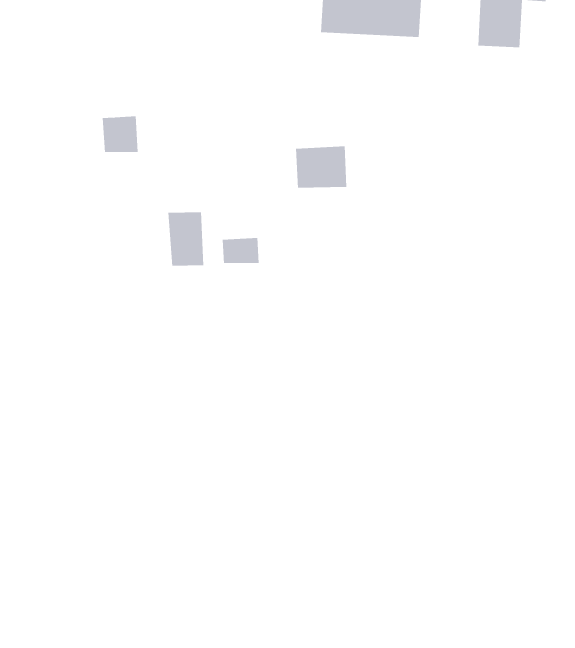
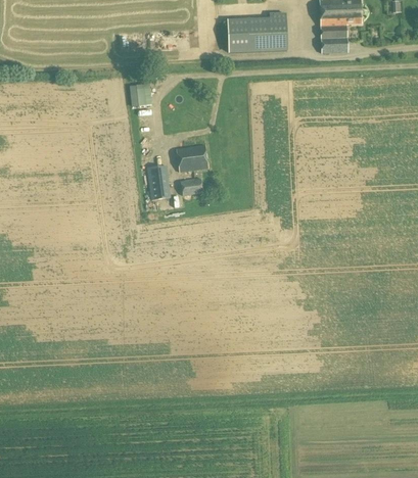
building: [102,116,139,153] -> [129,82,152,105]
building: [295,146,347,188] -> [176,143,208,171]

